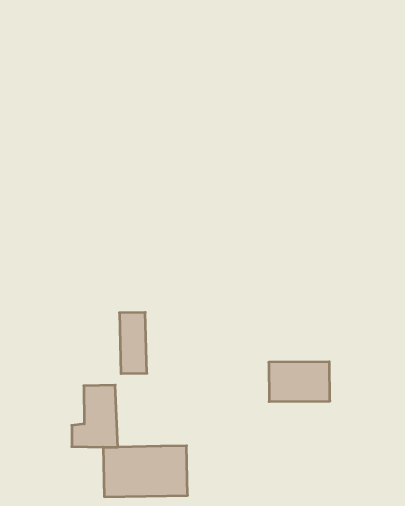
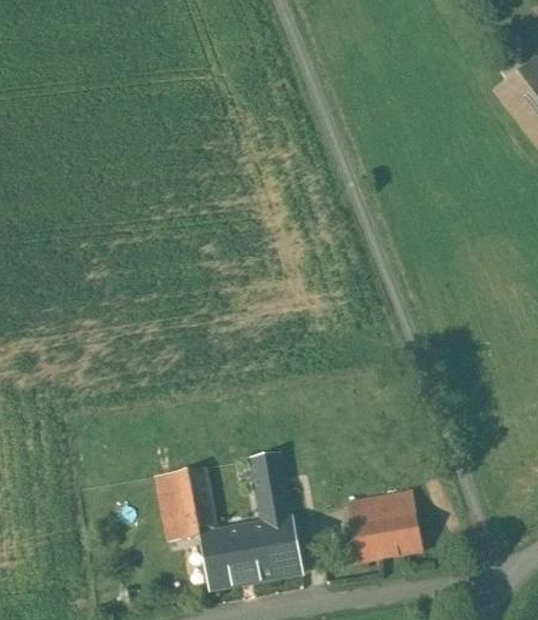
building: [119,312,147,374] -> [251,453,291,523]
building: [269,362,330,402] -> [349,506,422,559]

